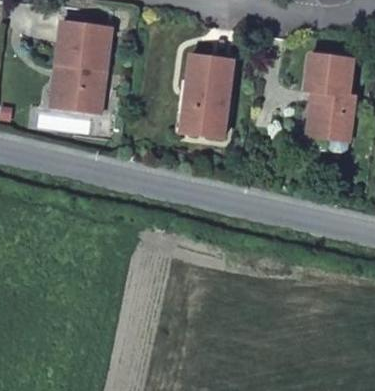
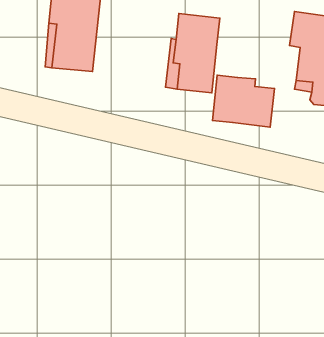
building: none -> [212,75,274,127]

